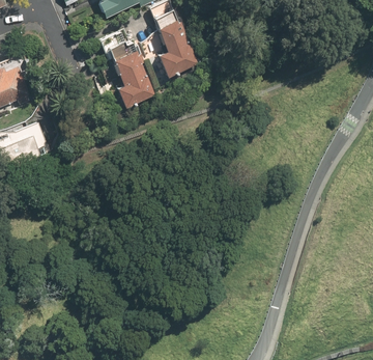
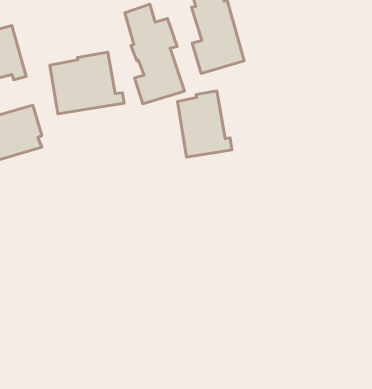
building: none -> [50,52,124,114]
building: none -> [177,91,232,157]

